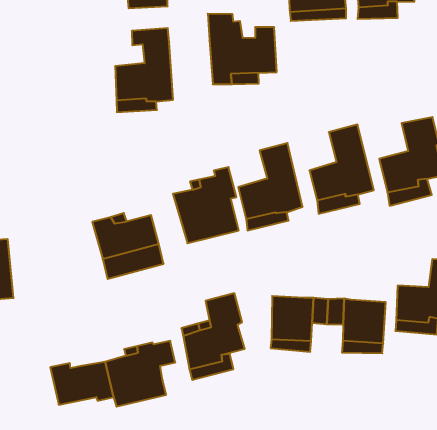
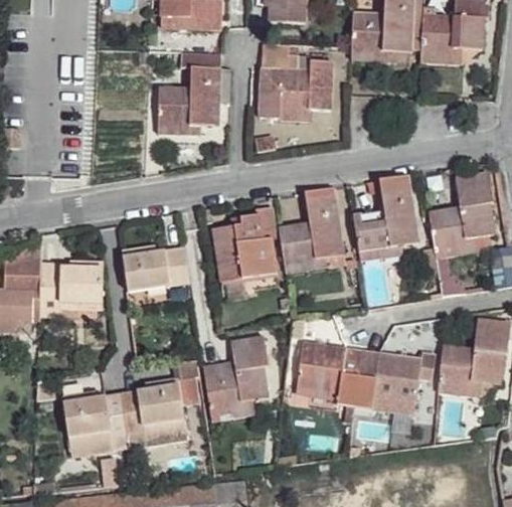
building: none -> [38,258,100,305]
building: none -> [67,431,110,456]

